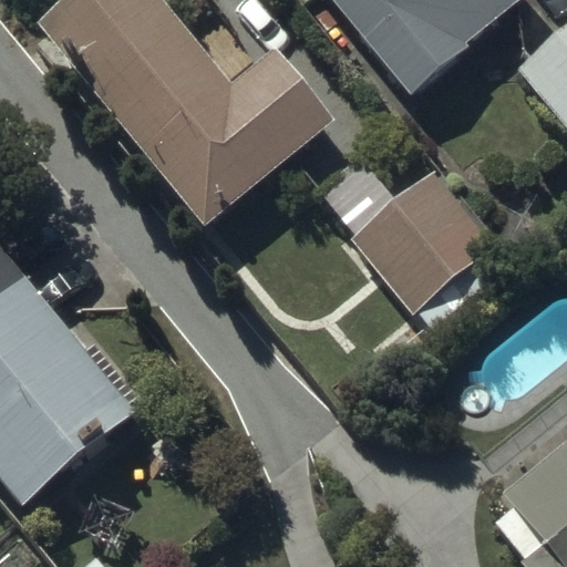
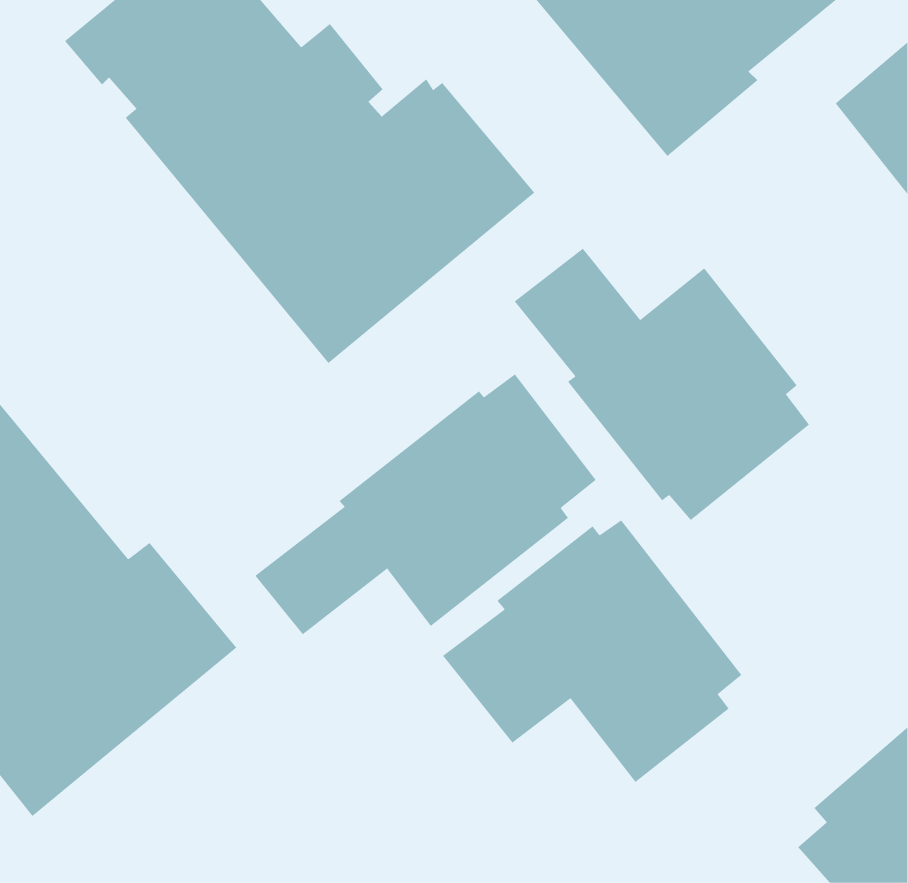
building: none -> [254,374,596,635]
building: none -> [442,519,742,783]

